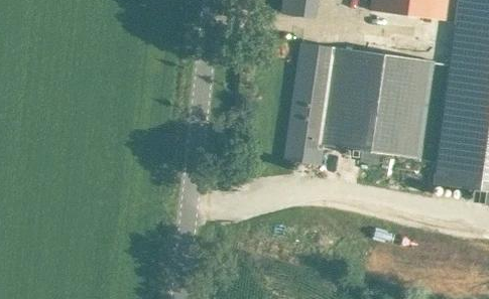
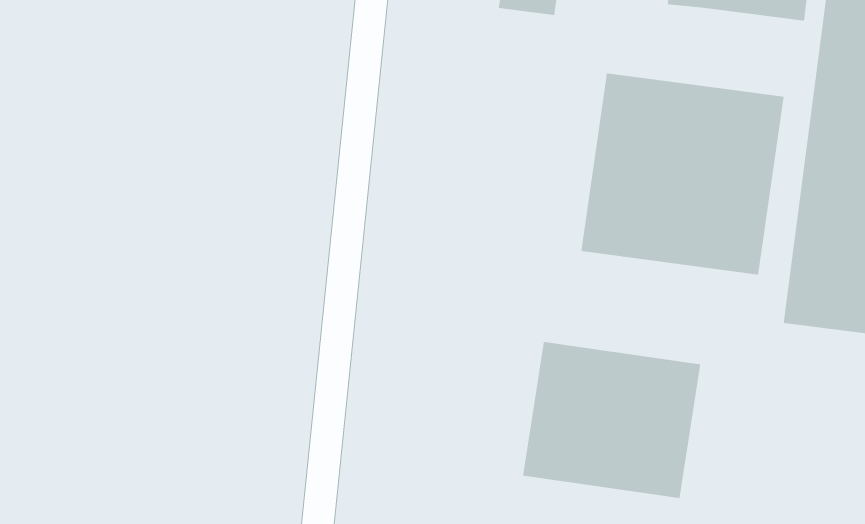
building: [285,43,338,165] -> none
building: none -> [522,341,701,499]

